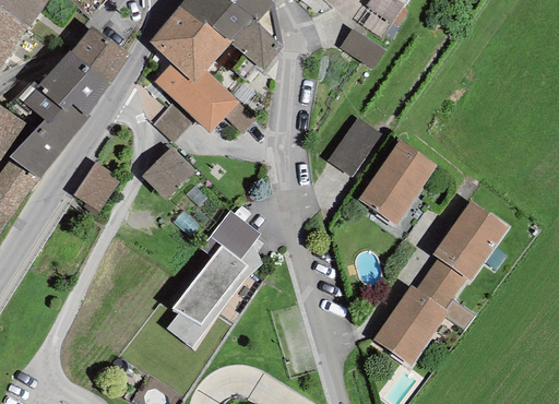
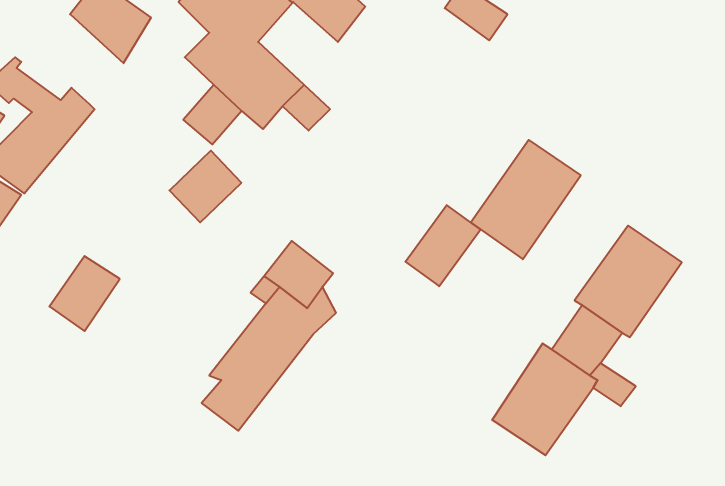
building: [34,49,110,115] -> none
building: [328,118,381,176] -> [405,205,480,286]
building: [73,158,123,212] -> [49,256,120,331]

